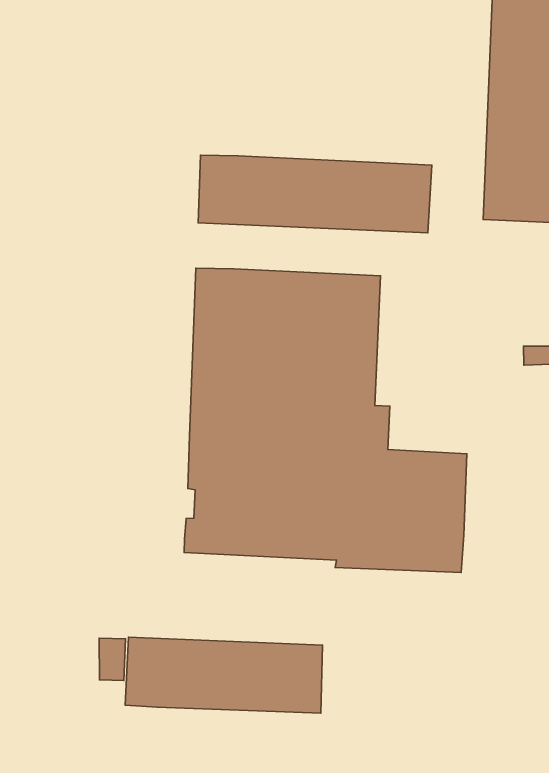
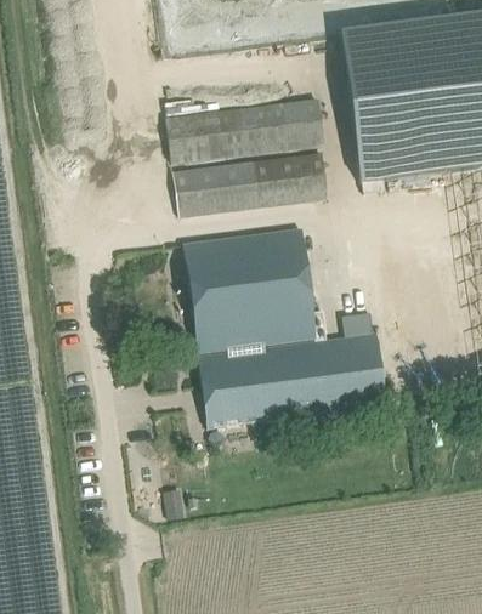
building: none -> [169,97,325,160]
building: [125,637,322,713] -> none

